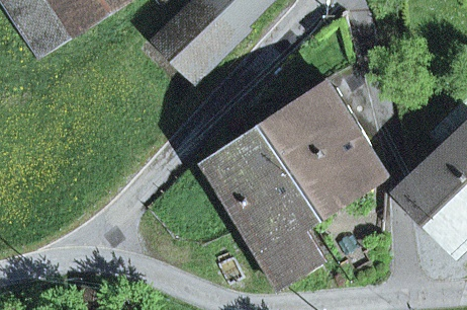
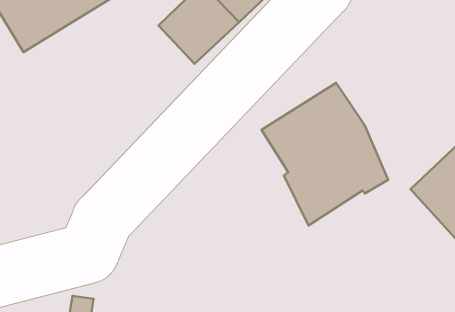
building: [212,131,324,289] -> none

